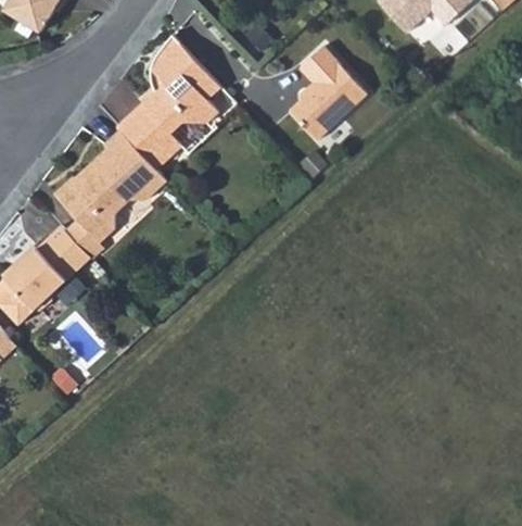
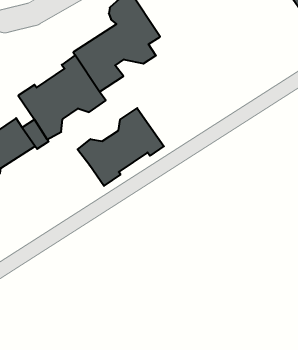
building: [288,41,366,137] -> none
building: none -> [78,108,164,186]

